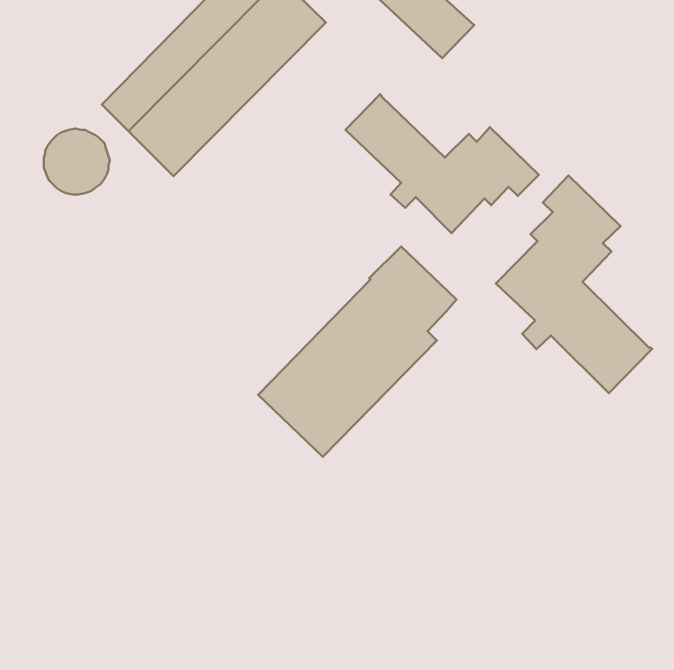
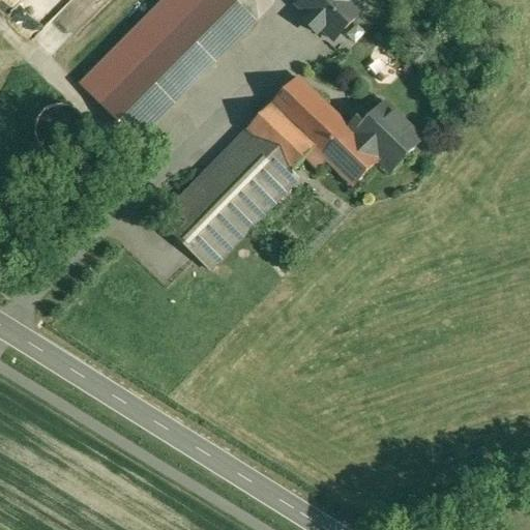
building: [496,175,652,393] -> none
building: [258,246,457,457] -> [158,101,314,266]

